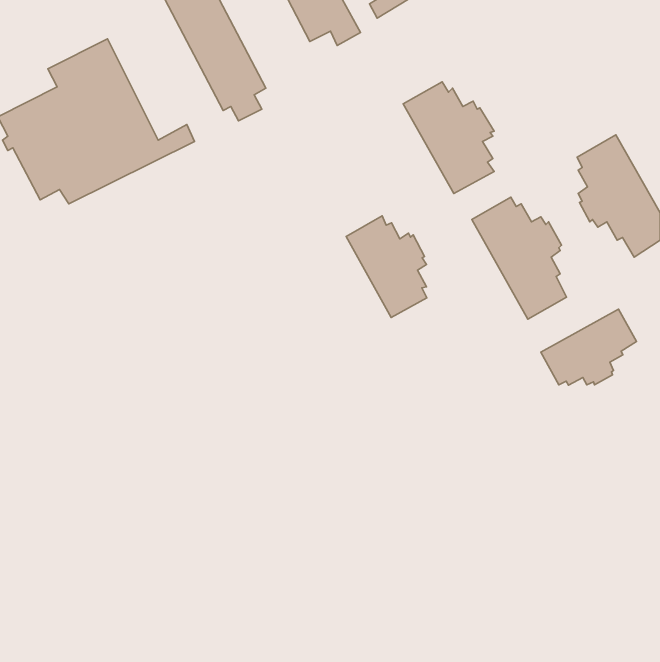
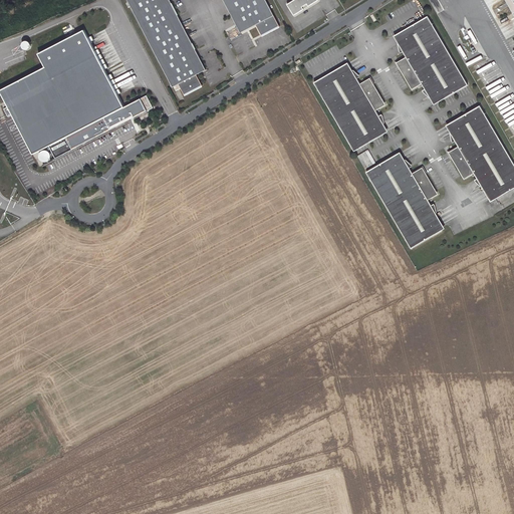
building: none -> [395,16,465,103]
building: [346,216,427,317] -> none
building: [541,309,636,385] -> none

